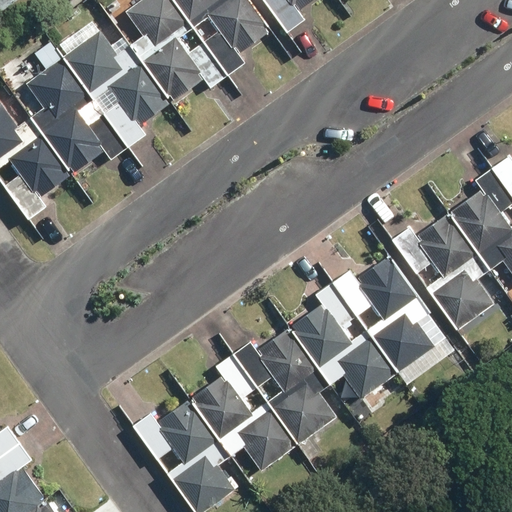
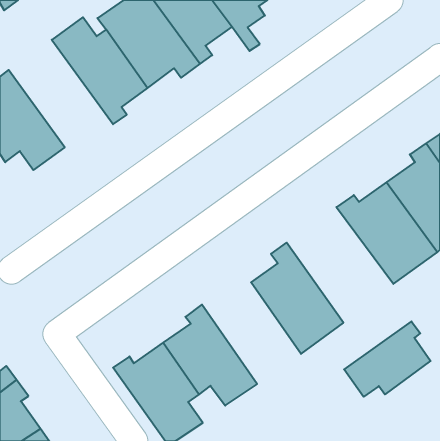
building: [10,46,131,171] -> none
building: [332,253,451,374] -> none
building: [234,327,349,445] -> none
building: none -> [344,321,431,397]

